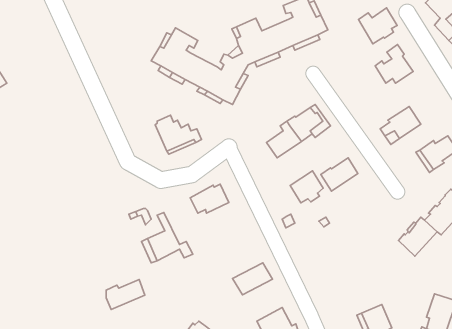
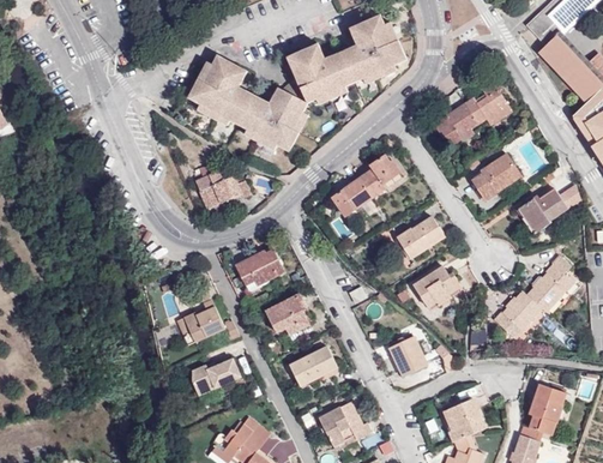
building: [358,8,397,44] -> [430,103,478,148]
building: [290,171,323,203] -> [415,266,456,306]
building: none -> [265,294,310,338]
building: none -> [390,336,427,377]
building: [106,280,145,310] -> [192,359,240,396]

